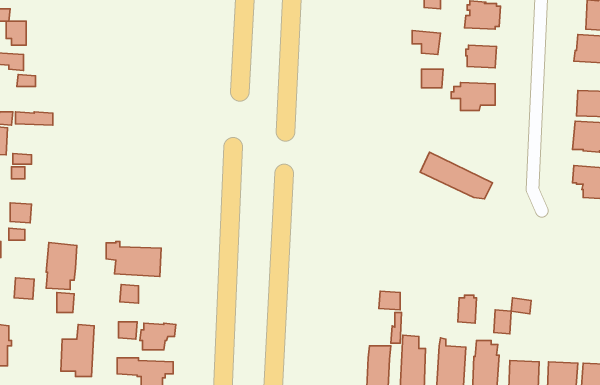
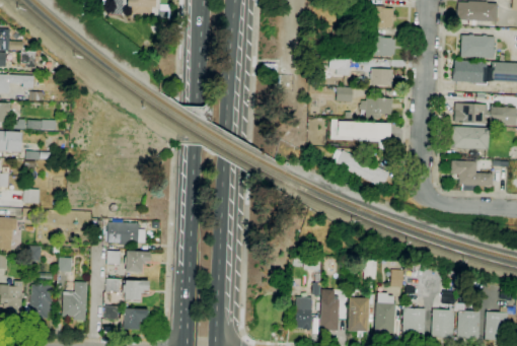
building: none -> [339,121,391,140]
building: [46,243,77,289] -> [30,284,54,320]
building: none -> [126,252,151,273]

